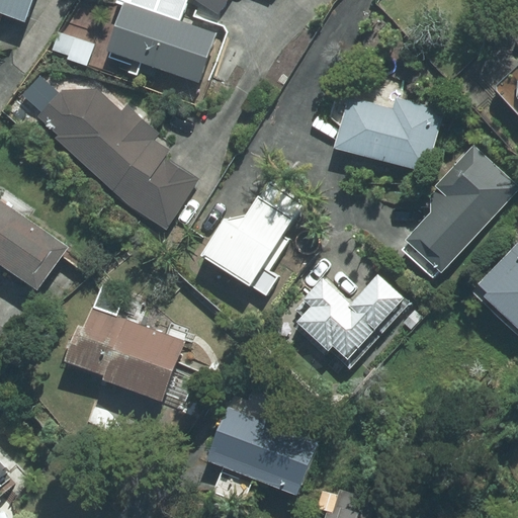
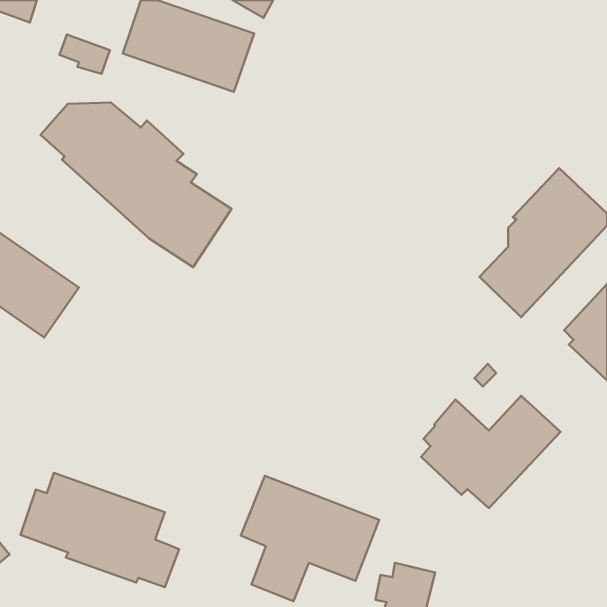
building: [333,96,442,170] -> none
building: [203,199,293,296] -> none
building: [291,274,410,369] -> [421,396,561,508]
building: [62,307,196,404] -> [20,473,179,587]

